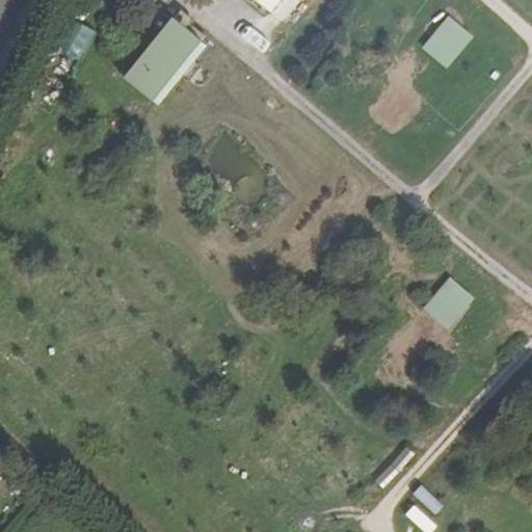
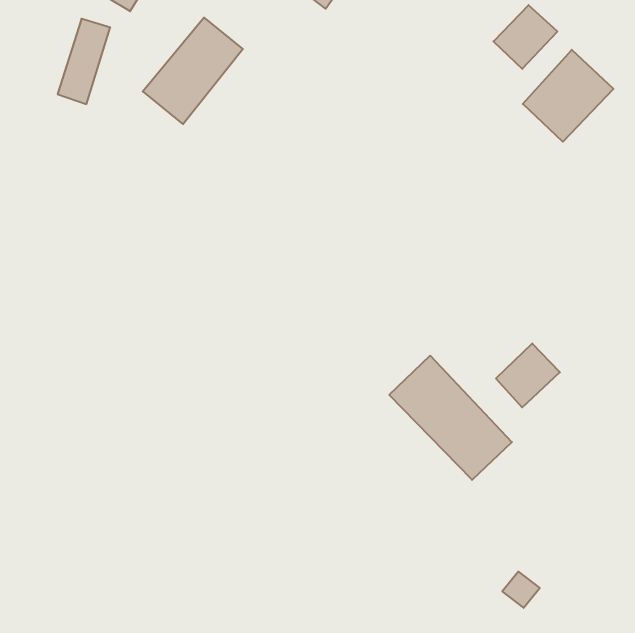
building: none -> [523,50,613,142]
building: none -> [389,356,512,480]

